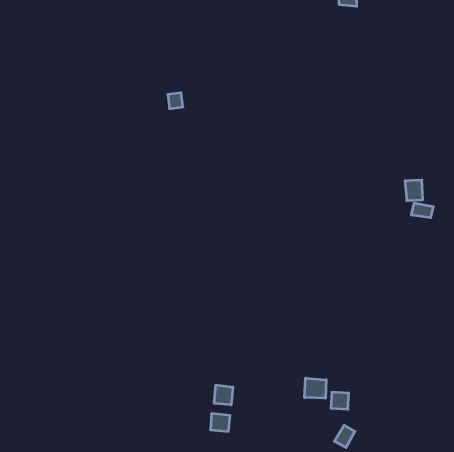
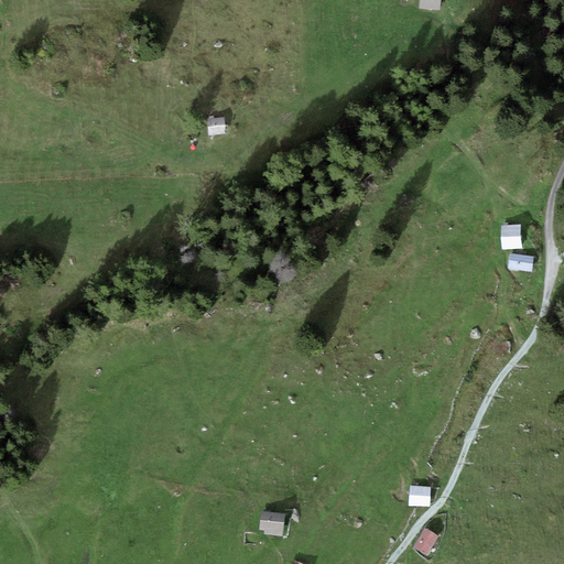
building: [305,378,326,398] -> none
building: [214,385,233,405] -> none

